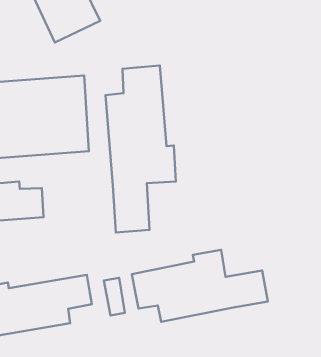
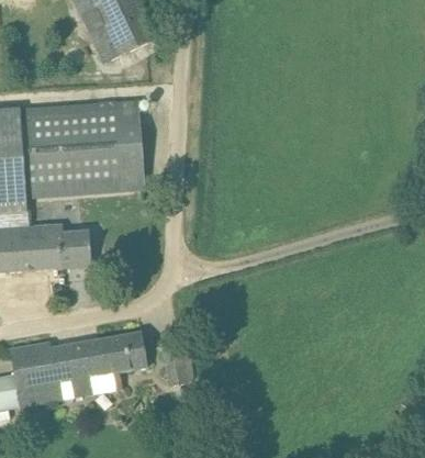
building: [106,65,176,232] -> none
building: [132,250,268,322] -> none

